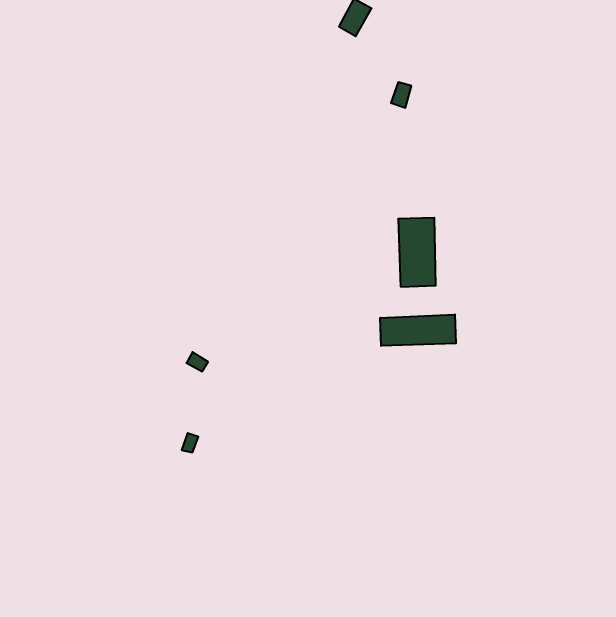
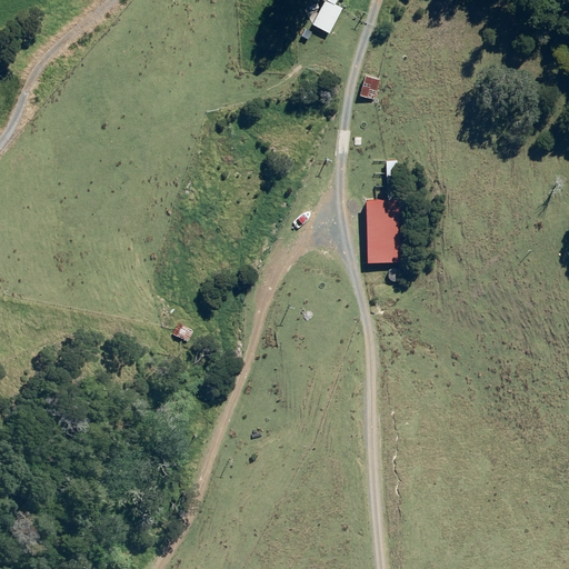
building: [380,314,456,346] -> none

